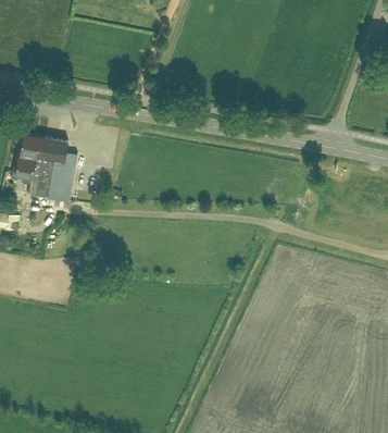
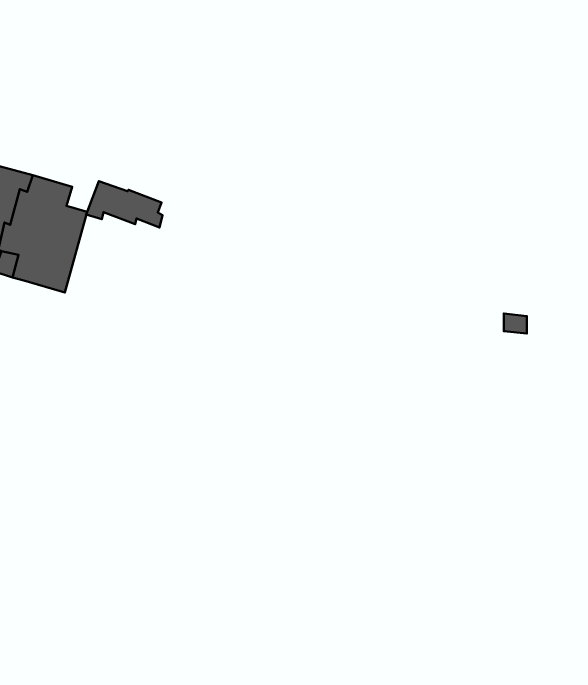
building: none -> [86,181,163,228]

